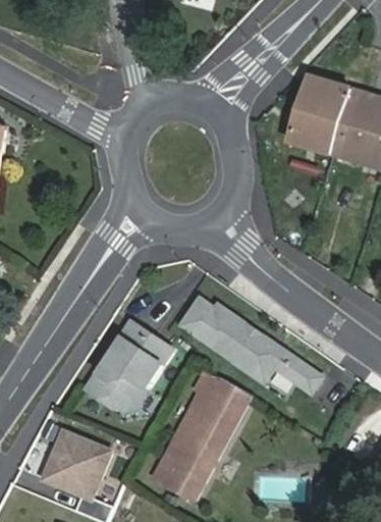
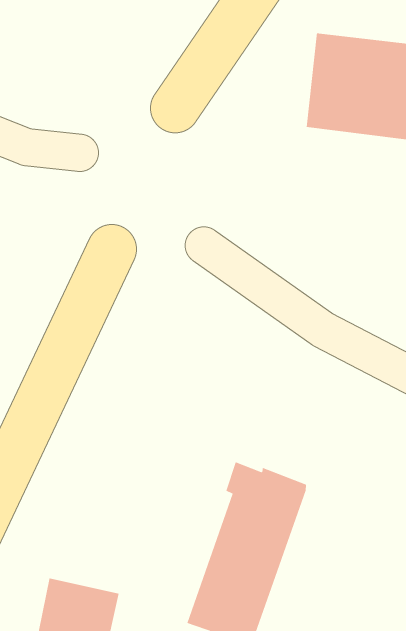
building: [181,298,319,390] -> none
building: [86,320,171,406] -> none

